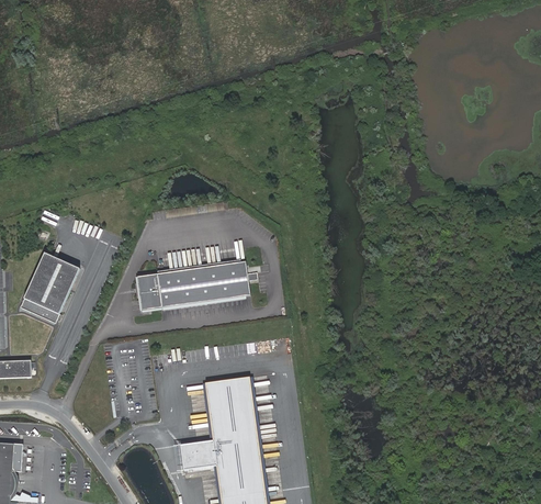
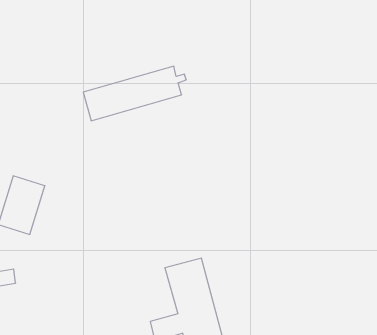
building: [137,261,258,311] -> [83,66,186,121]

